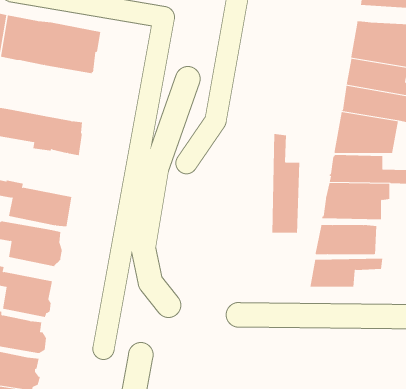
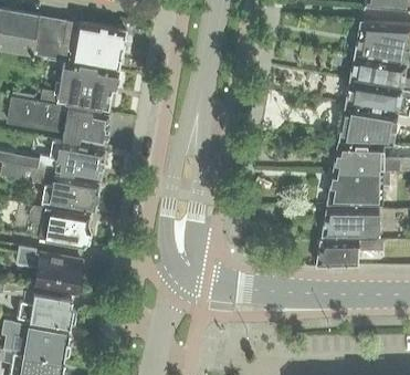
building: none -> [41,58,119,110]
building: [272,133,300,234] -> none
building: none -> [39,139,105,178]

